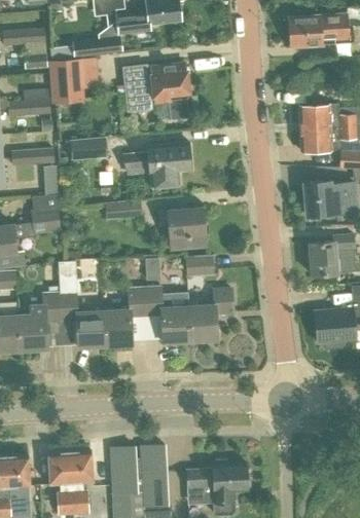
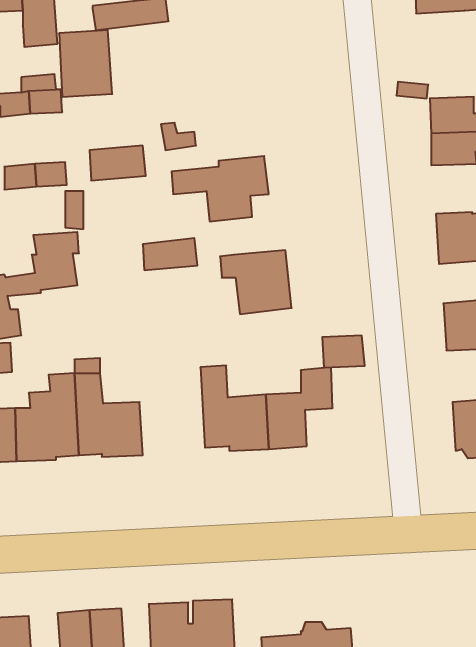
building: [121,63,188,112] -> none
building: [185,255,214,276] -> [322,336,365,367]
building: [103,286,147,345] -> none

